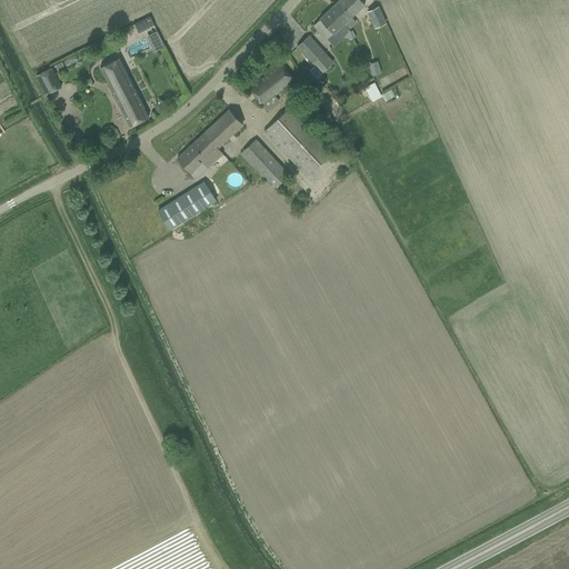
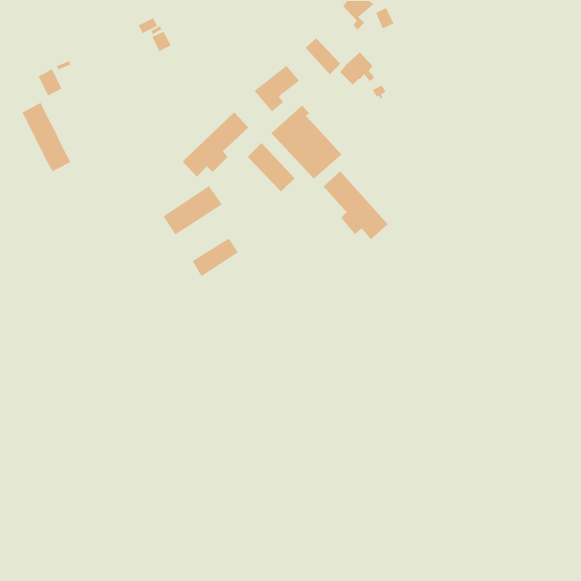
building: [315,6,350,39] -> [339,51,376,86]
building: [100,58,149,127] -> [22,102,72,172]
building: none -> [323,171,388,240]
building: none -> [192,238,239,277]

